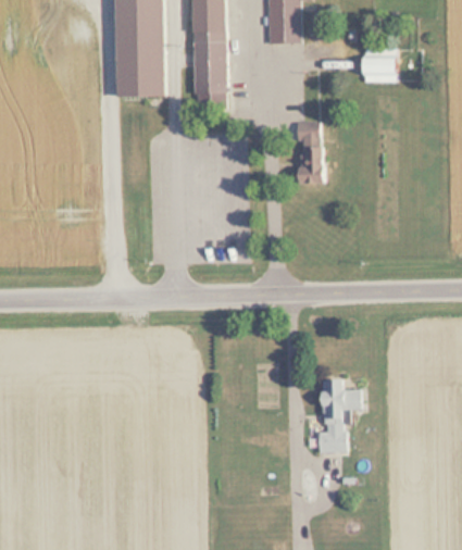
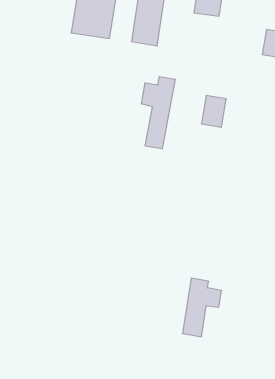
building: [294,121,321,141] -> none
building: none -> [141,76,175,149]

